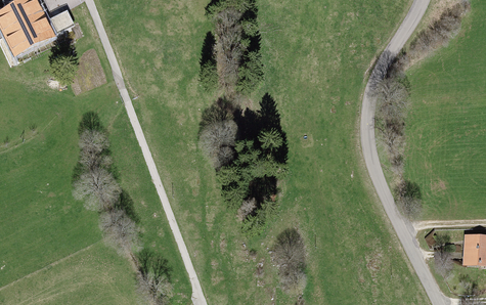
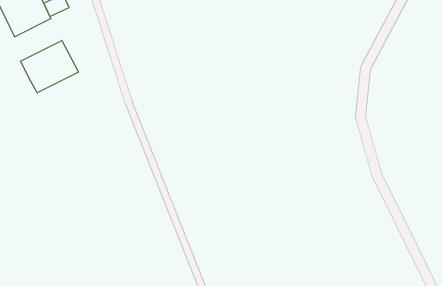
building: none -> [21,40,78,93]

